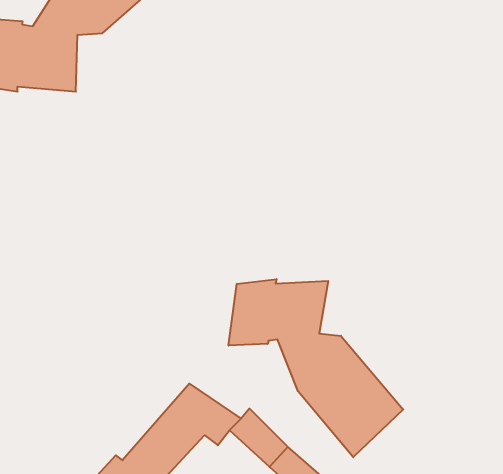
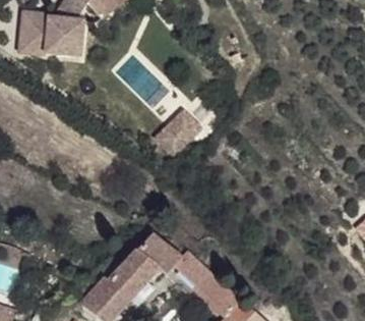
building: none -> [158,107,203,153]
building: [229,279,403,457] -> none

